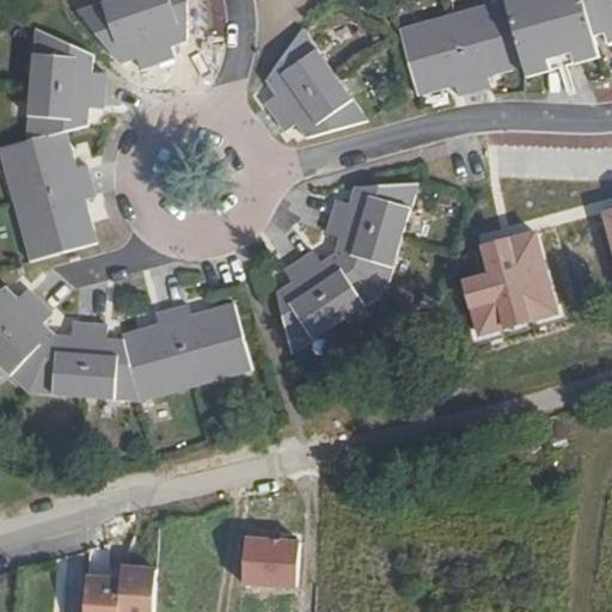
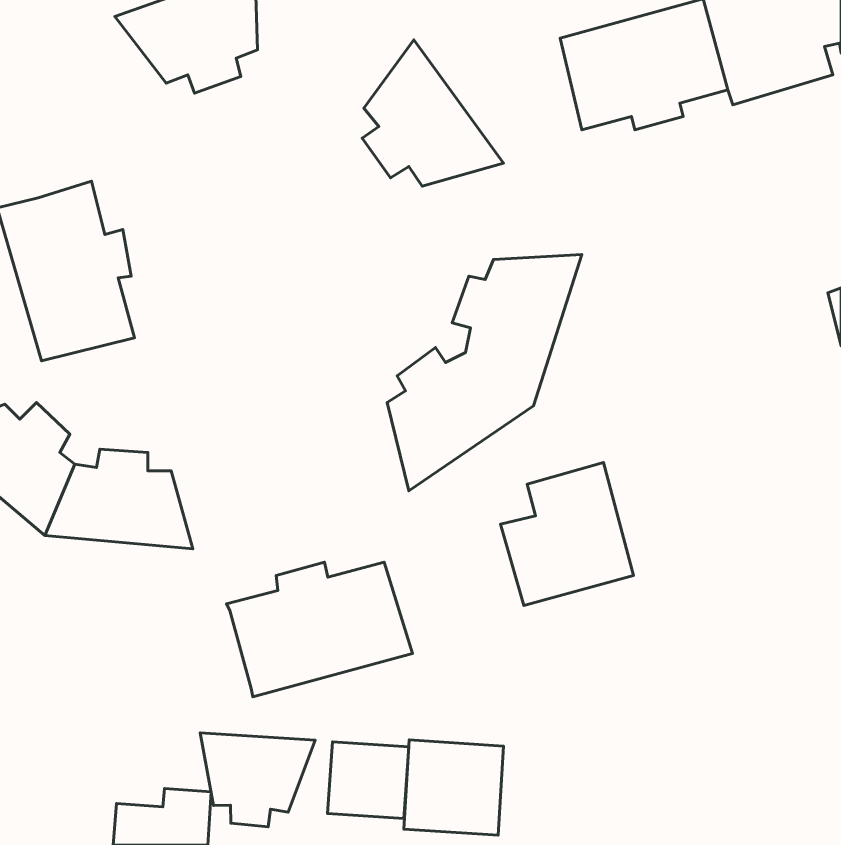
building: [27,29,105,142] -> none
building: [458,230,553,332] -> [500,463,633,606]
building: [121,304,255,400] -> [226,562,413,697]
building: none -> [200,733,315,827]
building: none -> [404,740,503,835]

